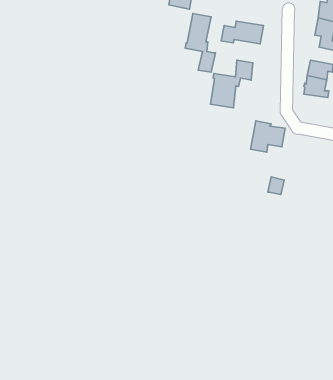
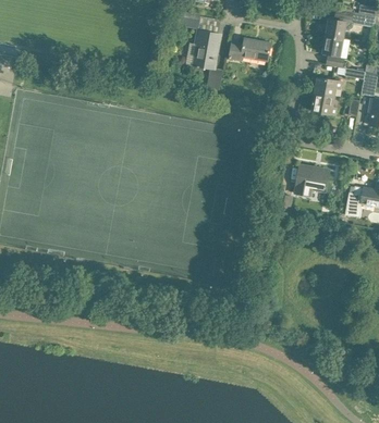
building: [211,60,253,108] -> none
building: [250,121,285,152] -> [293,164,328,196]

